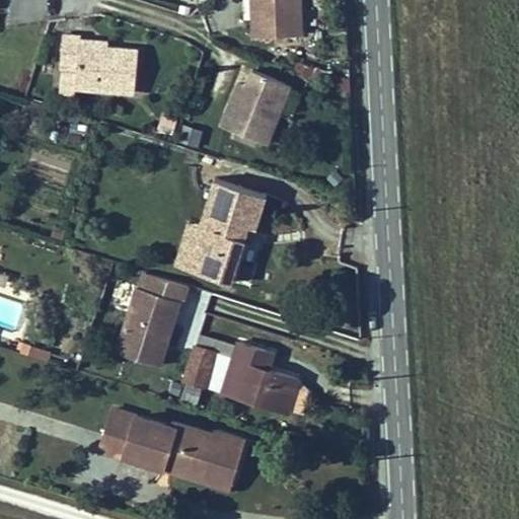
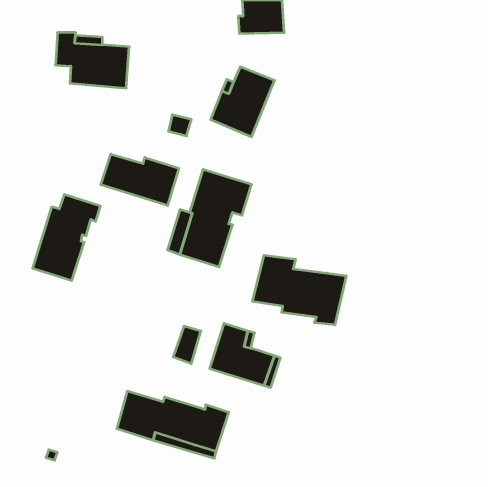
building: none -> [101,154,179,206]
building: none -> [252,255,346,325]
building: [117,275,189,366] -> [33,195,100,281]
building: [101,410,136,456] -> none

